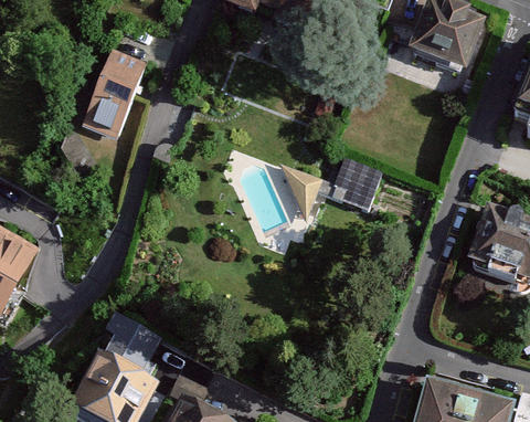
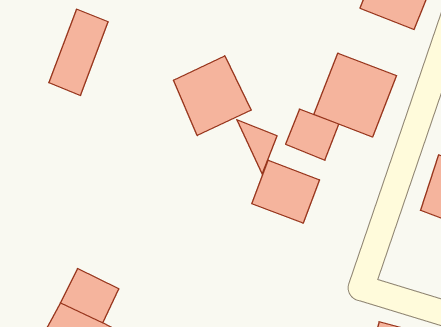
building: none -> [314,53,397,137]
building: none -> [174,56,251,136]
building: none -> [252,160,319,223]

